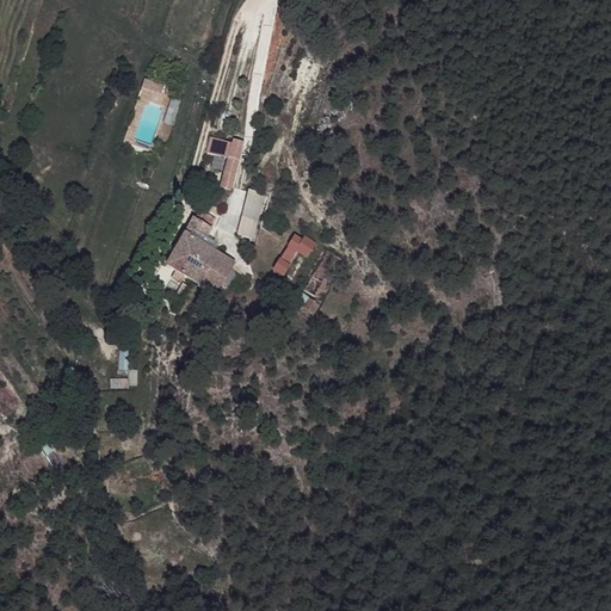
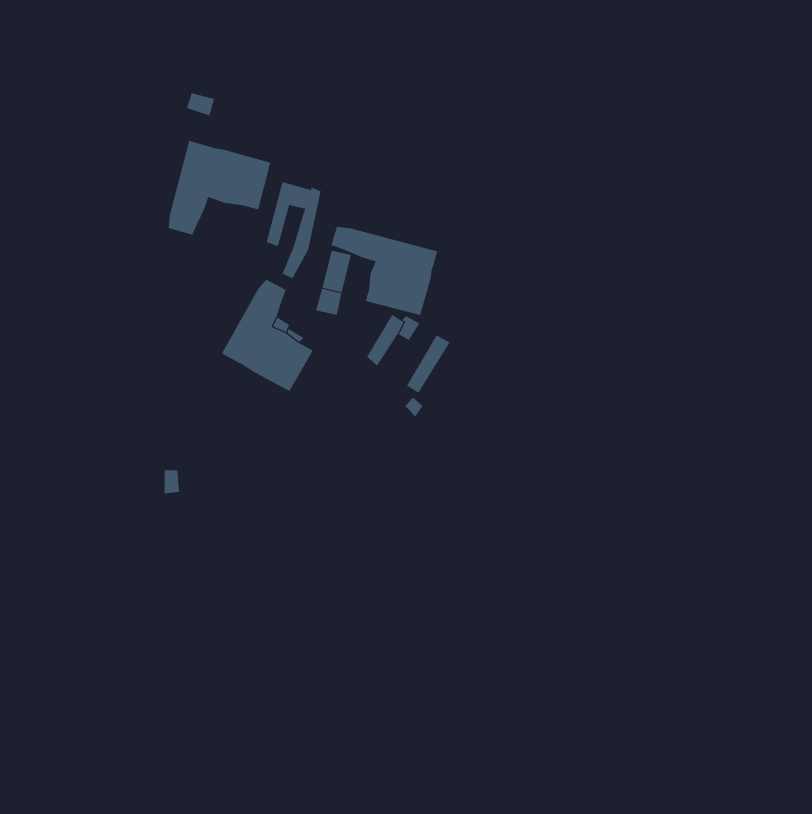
building: none -> [168,140,271,235]
building: none -> [331,226,438,316]

